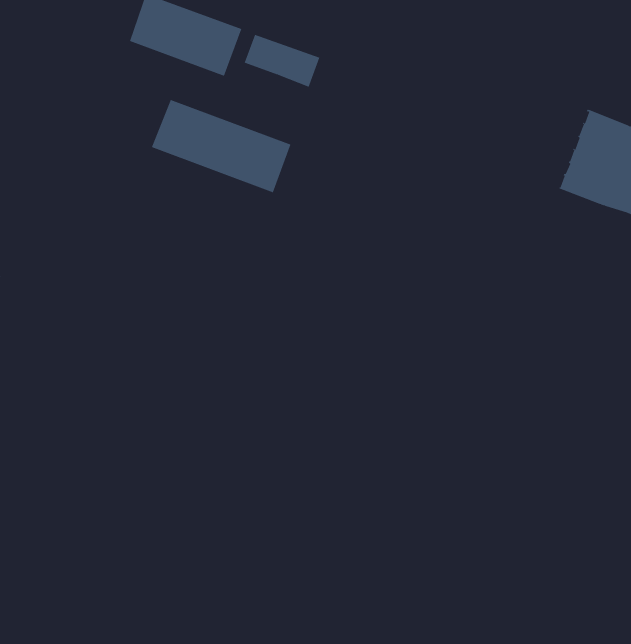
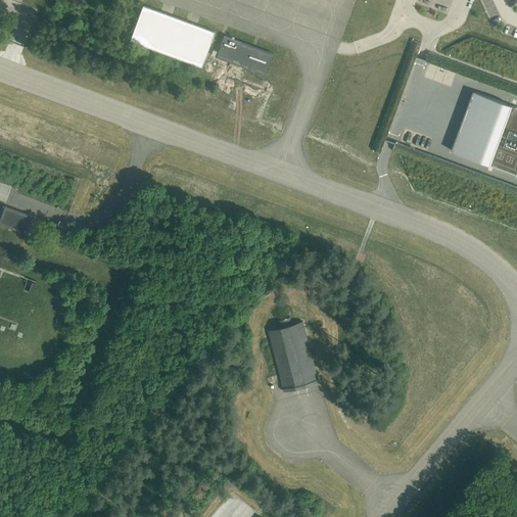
building: [151,99,291,193] -> none
building: none -> [268,318,318,392]

